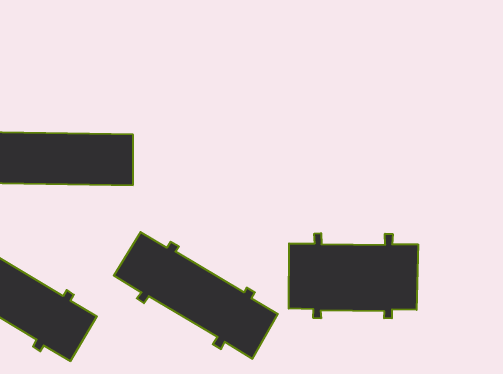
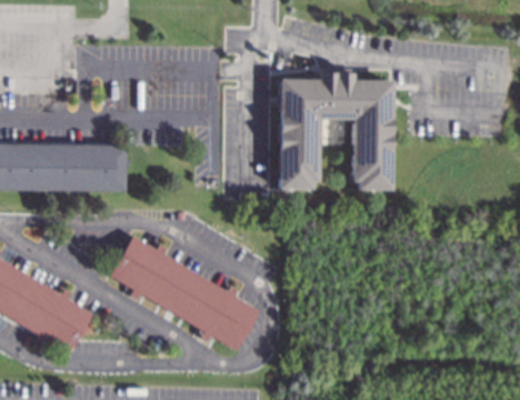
building: none -> [278,73,392,191]
building: [289,233,418,318] -> none

